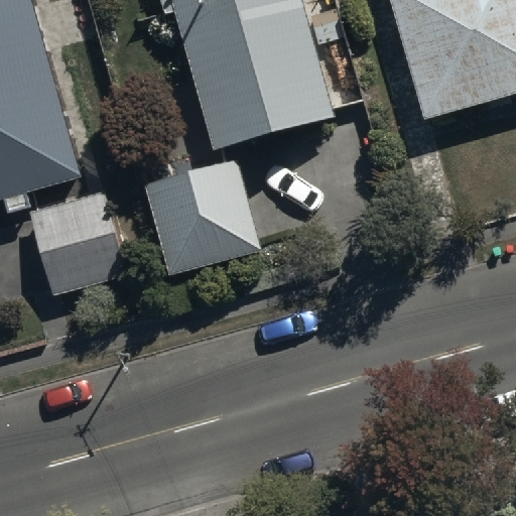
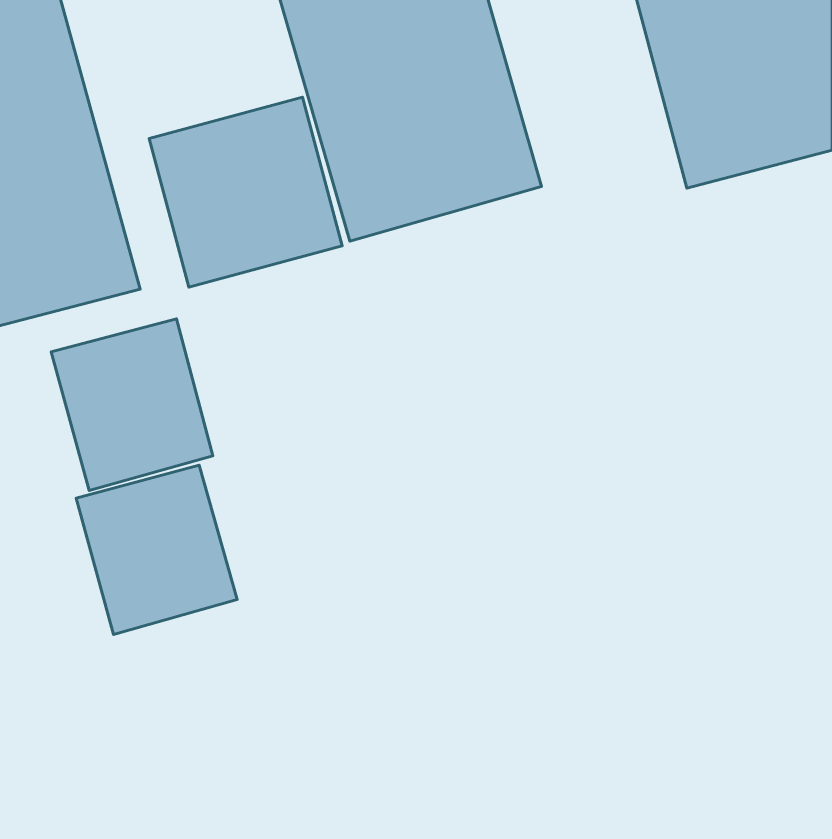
building: [143,161,261,277] -> [149,97,342,287]
building: none -> [76,465,237,635]

